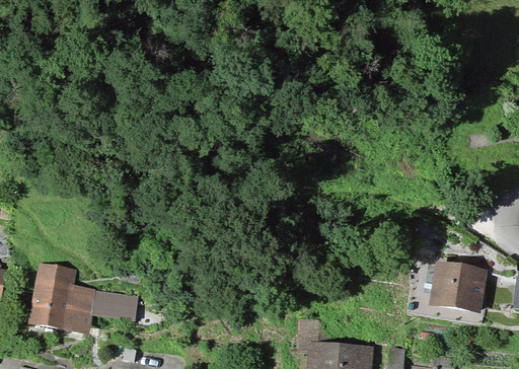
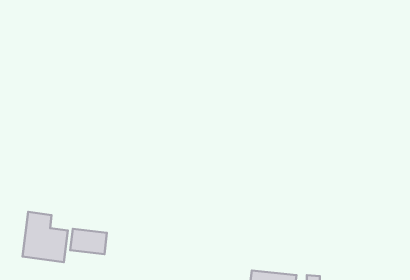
building: [432,260,488,311] -> none

